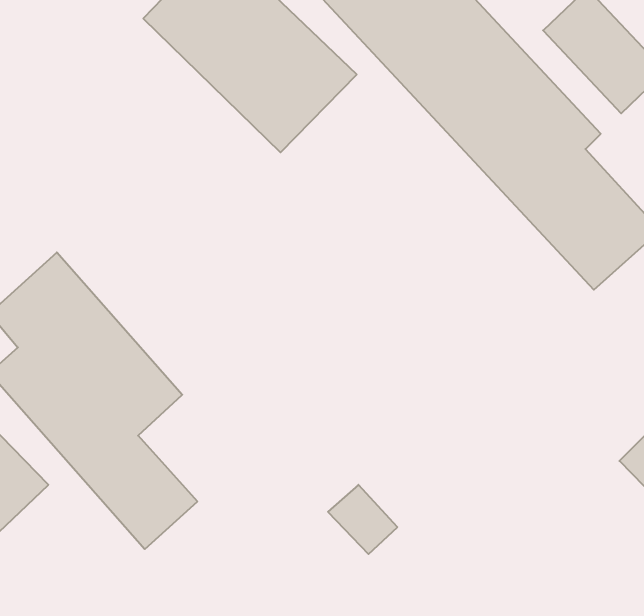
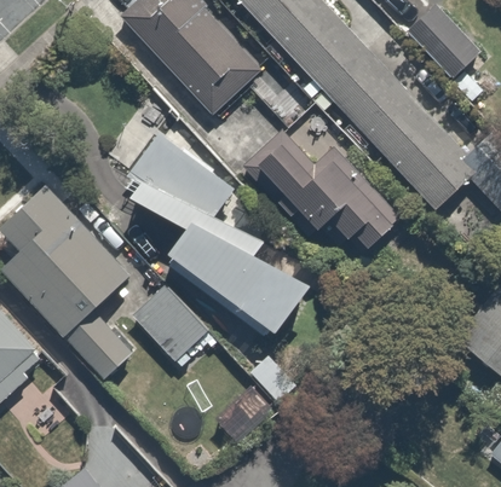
building: none -> [241,109,405,259]
building: none -> [120,138,317,338]
building: none -> [127,277,214,365]

